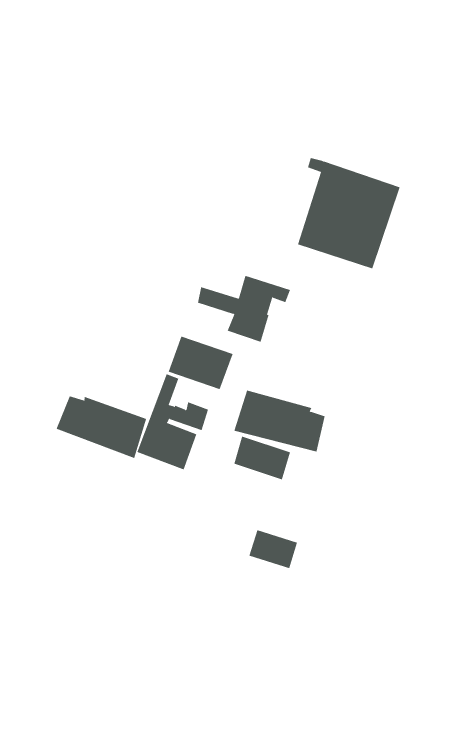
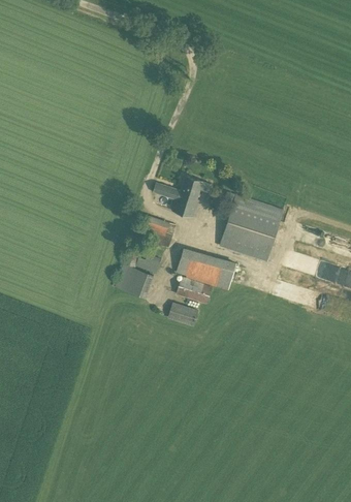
building: [297,158,401,269] -> [219,192,284,262]
building: [56,396,147,459] -> none
building: [249,529,298,569] -> [167,303,198,327]

